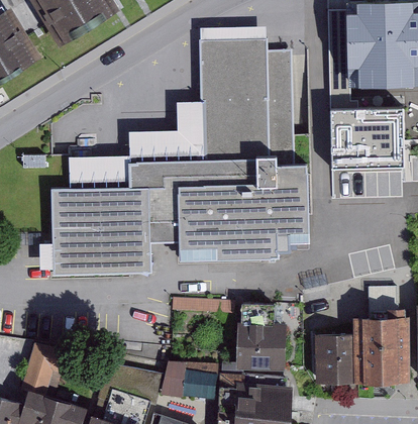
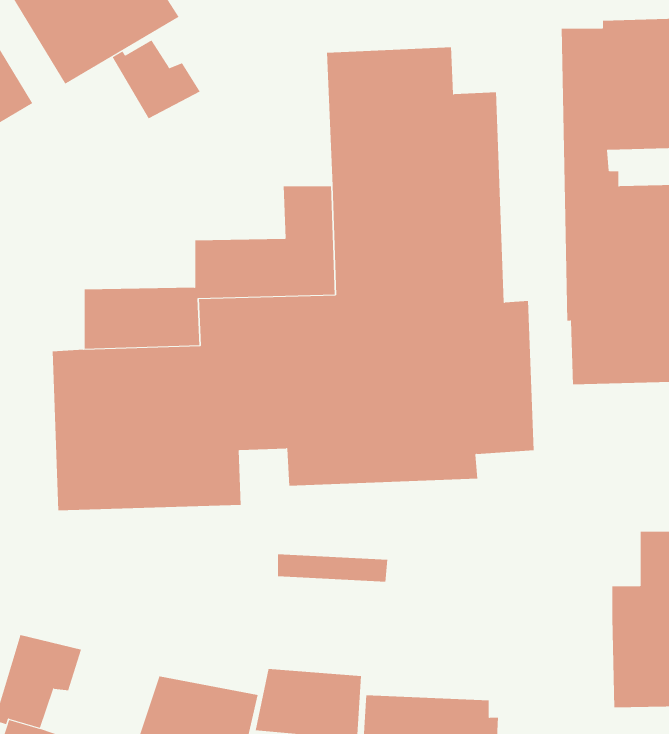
building: none -> [112,39,200,119]
building: [235,304,287,372] -> none
building: [314,334,353,384] -> none

